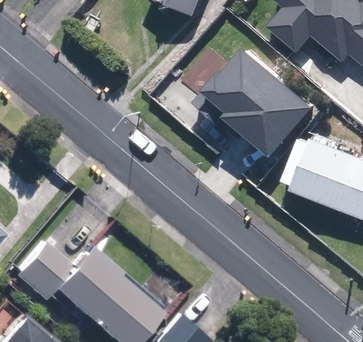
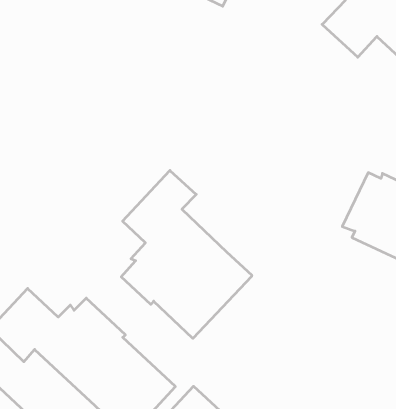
building: [204,49,311,157] -> none
building: none -> [121,170,252,338]

